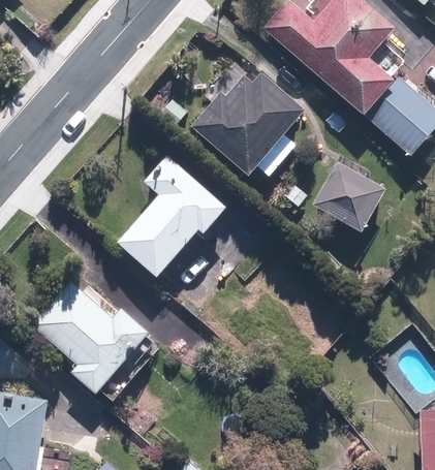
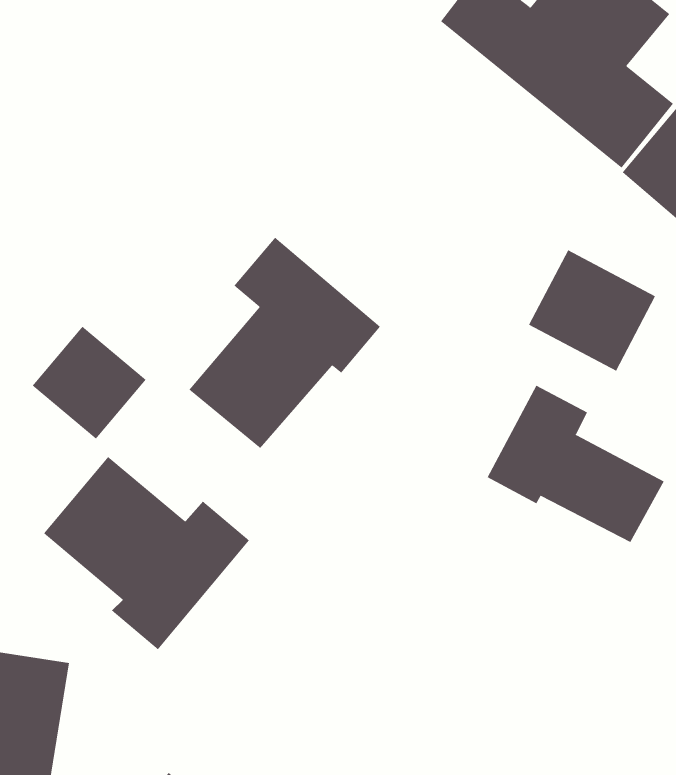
building: [189,72,305,176] -> none
building: none -> [32,326,146,439]
building: none -> [487,385,665,543]

